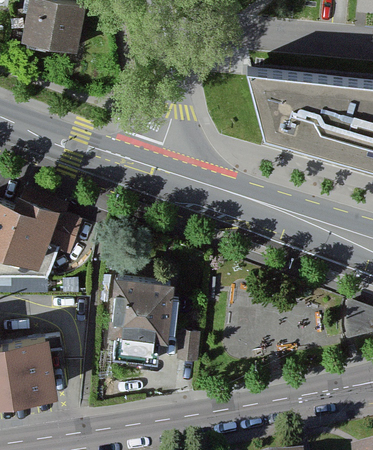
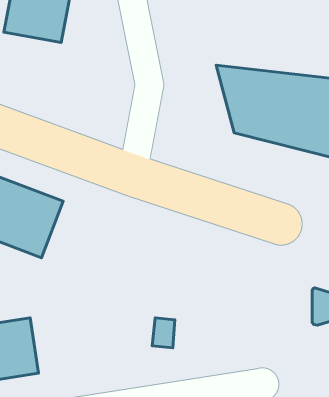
building: [102,265,181,354] -> none

